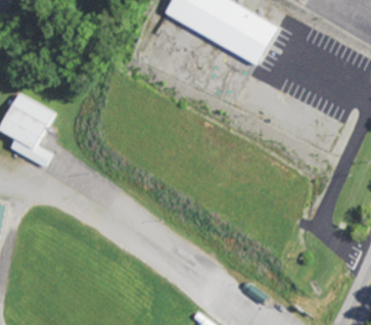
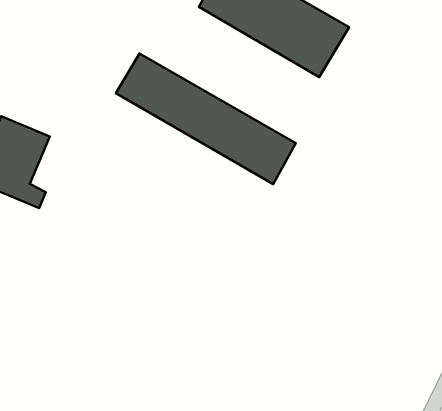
building: none -> [116,53,296,184]

